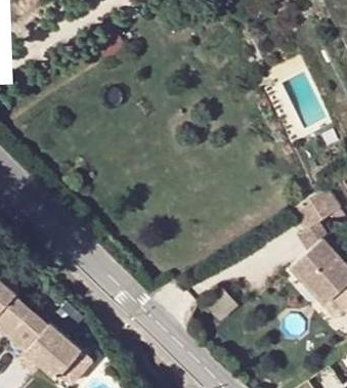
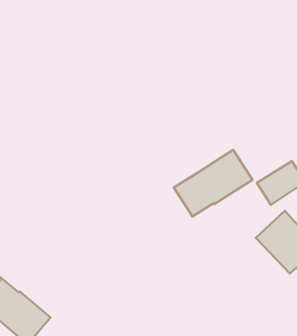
building: none -> [174,150,253,216]

